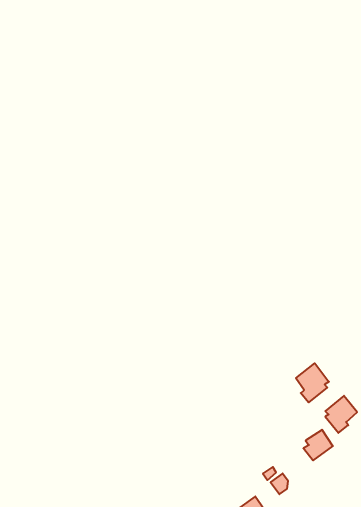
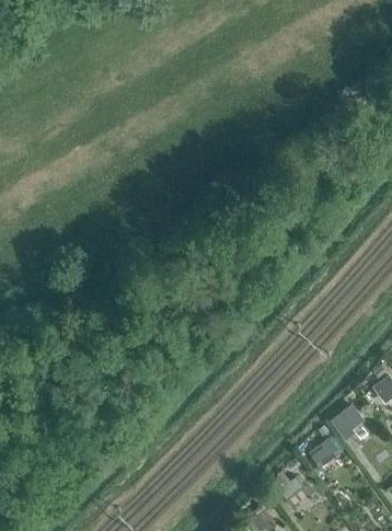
building: [296,363,329,402] -> none

